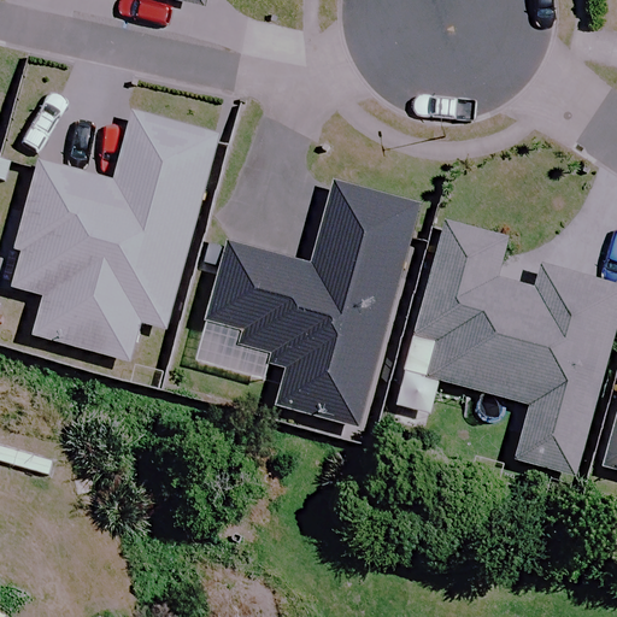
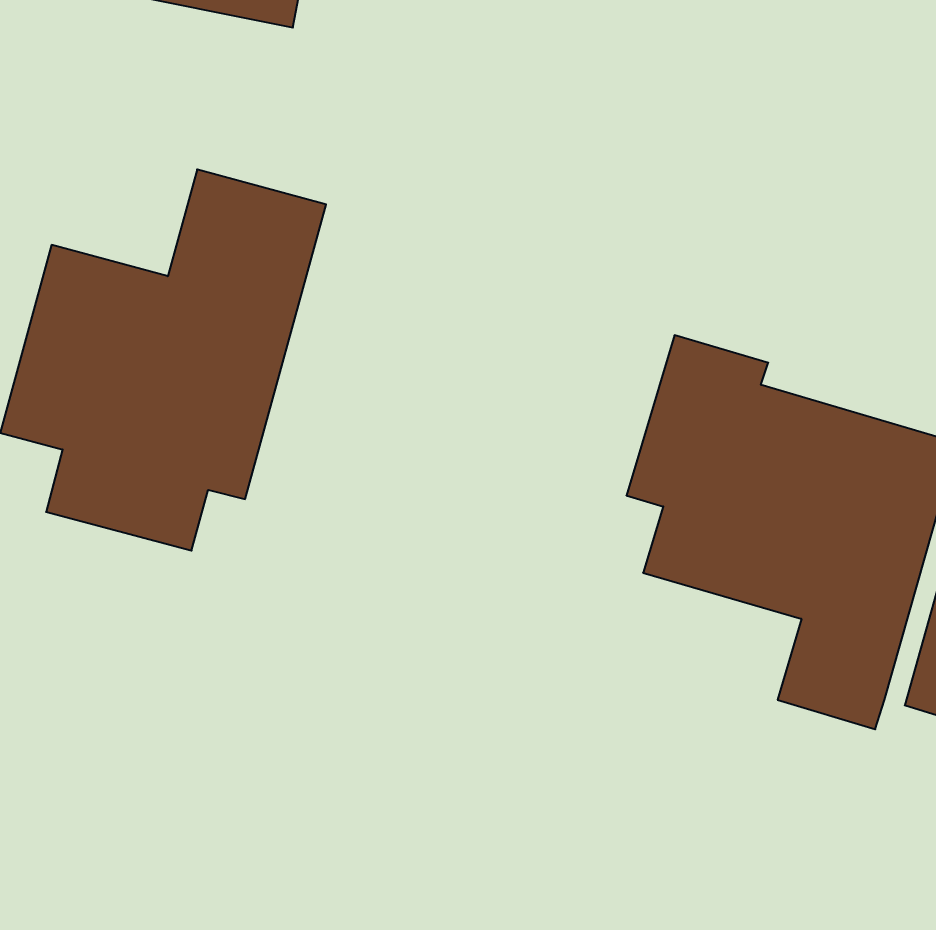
building: [212,182,417,412] -> none

